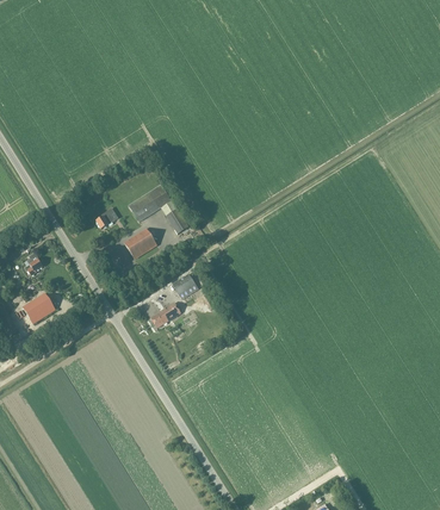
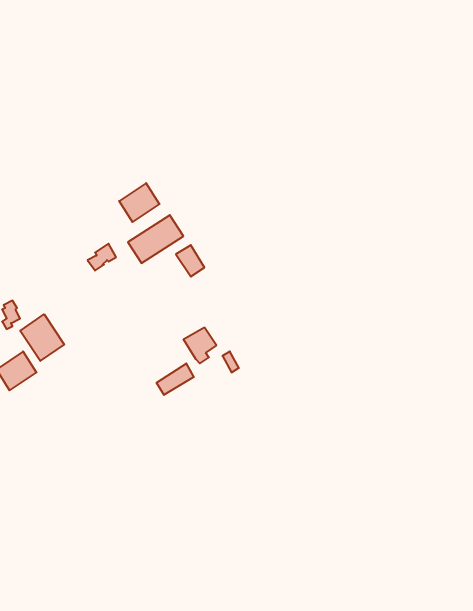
building: [123,228,155,259] -> [119,183,160,222]
building: none -> [20,314,64,361]

